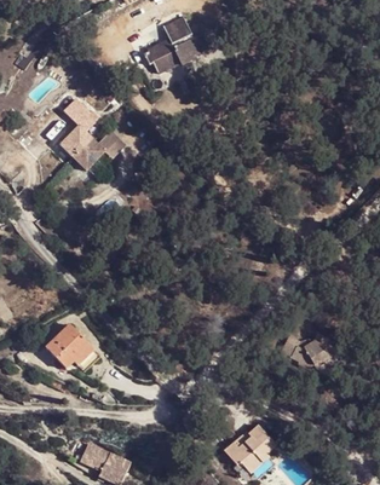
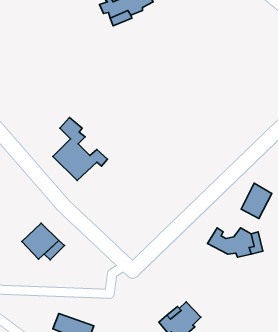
building: [56,94,123,173] -> [53,118,107,181]
building: none -> [241,183,272,218]

